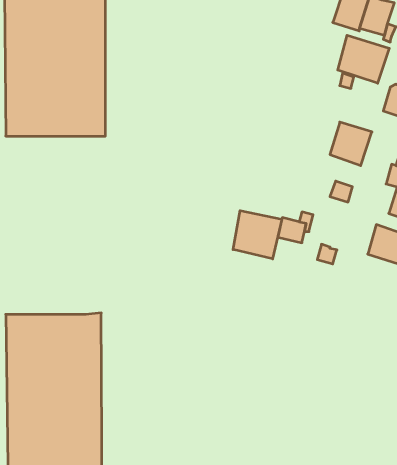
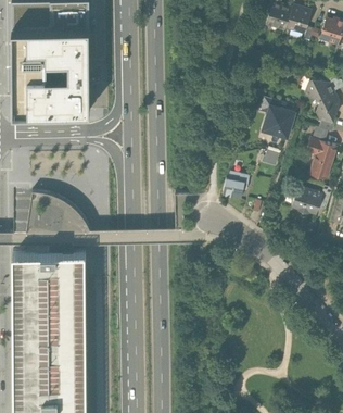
building: [338,35,389,83] -> none
building: [233,211,282,259] -> none

